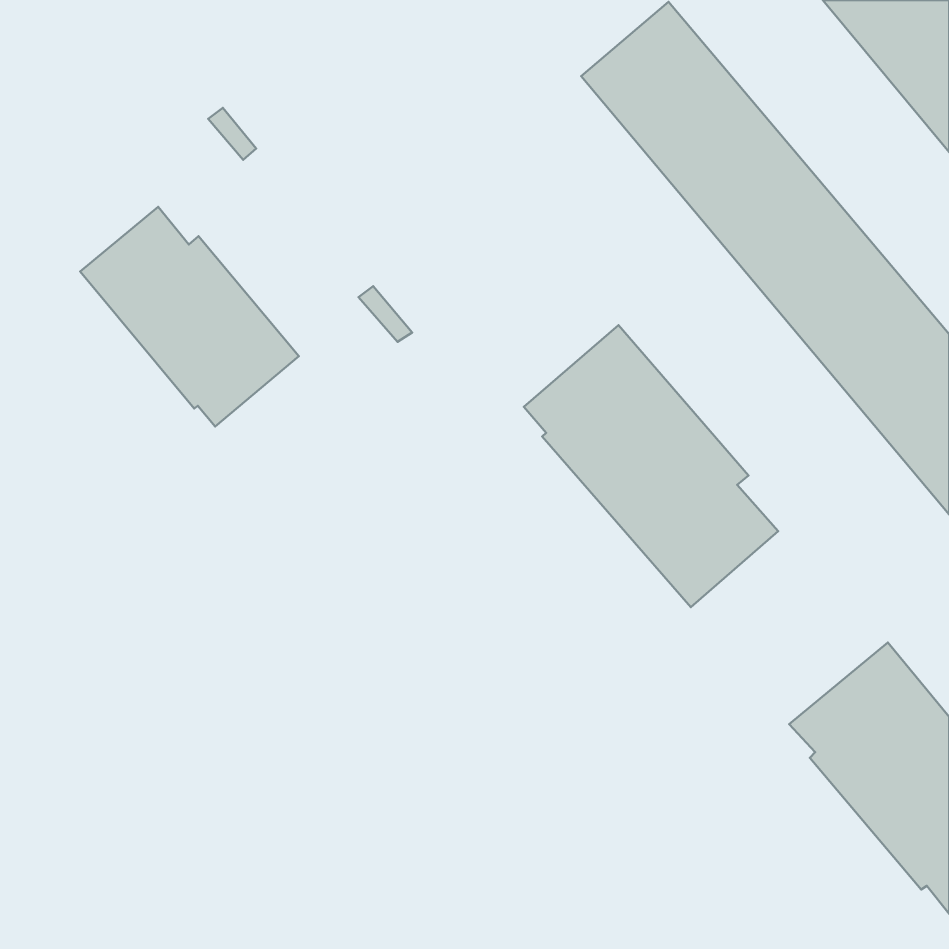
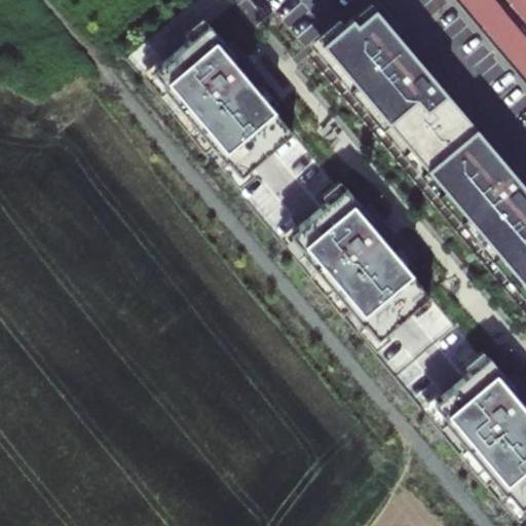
building: none -> [156,24,300,180]
building: [80,207,299,426] -> none

